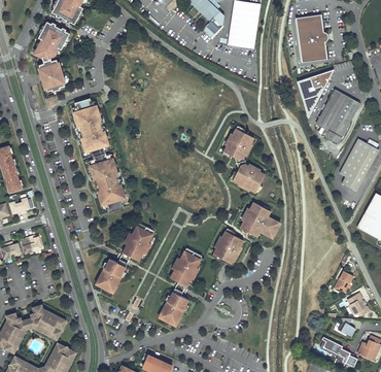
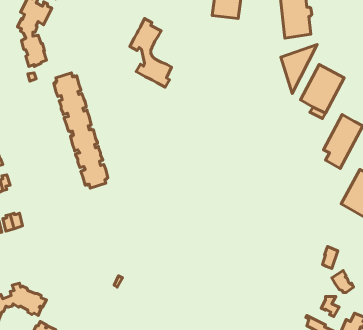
building: [222,126,264,194] -> [130,18,172,87]
building: [240,202,277,237] -> none
building: [97,223,153,290] -> none
building: [212,228,242,265] -> none
building: [160,248,201,324] -> none

